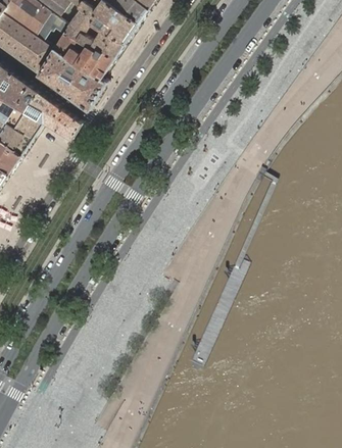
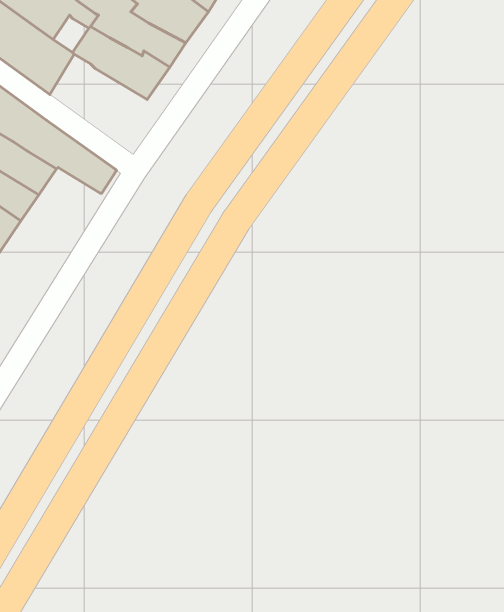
building: [38,50,105,110] -> none

